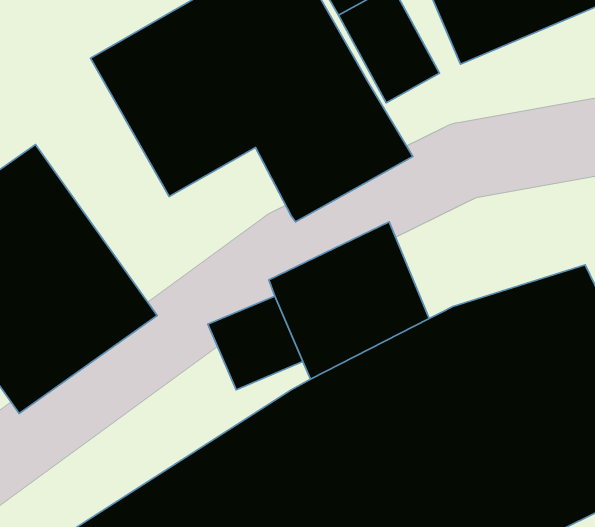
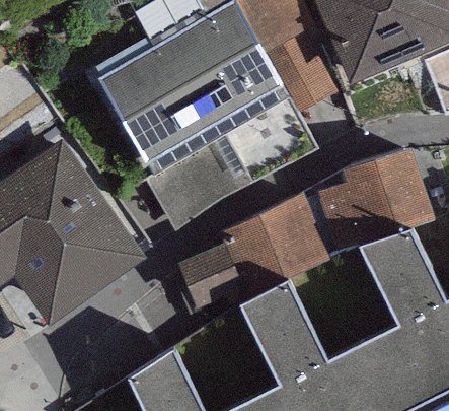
building: none -> [147,141,236,230]
building: none -> [318,149,437,254]

